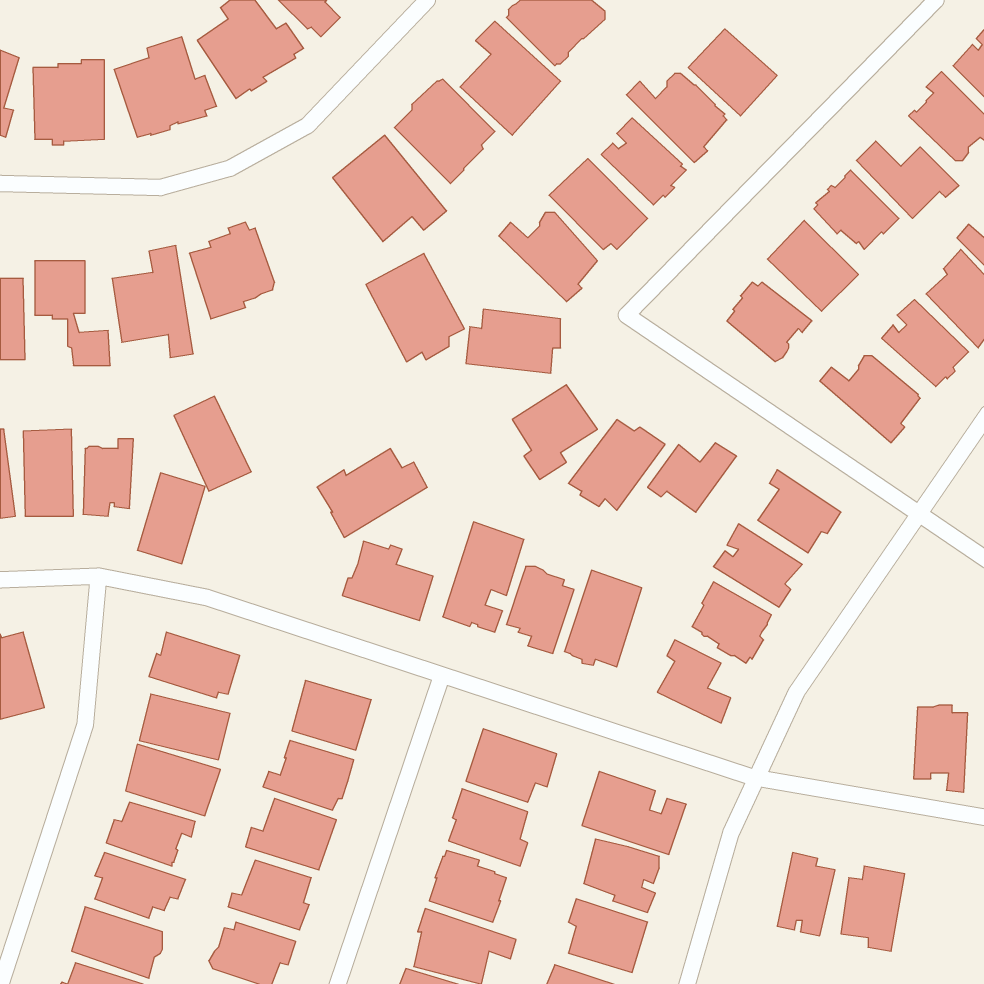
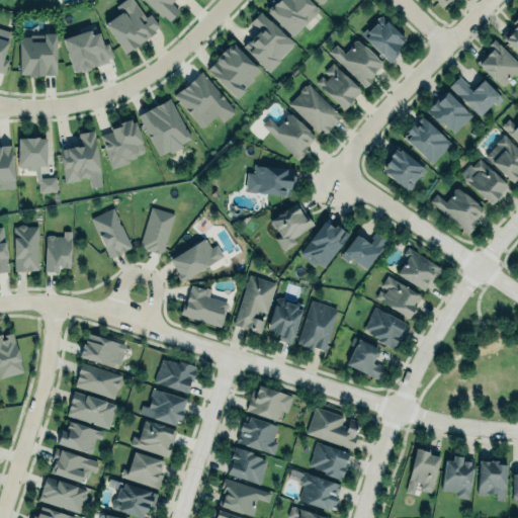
building: [366,253,464,362] -> [141,99,192,156]
building: [137,473,205,564] -> [140,207,175,255]
building: [914,705,968,792] -> [478,456,506,502]

